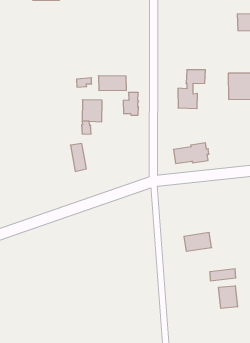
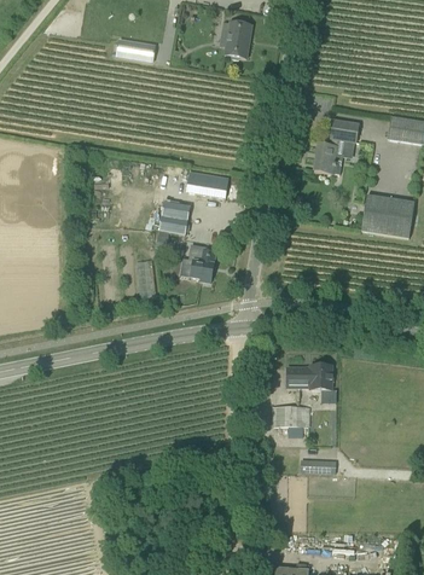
building: [178,70,205,109] -> [314,120,359,174]
building: [123,92,139,115] -> [191,249,215,281]
building: [173,143,209,163] -> [286,365,333,389]
building: [219,286,238,308] -> none

